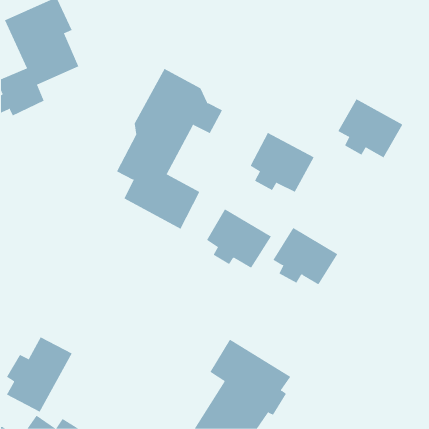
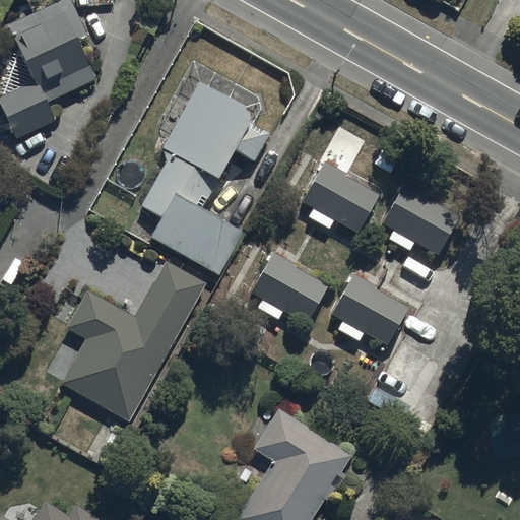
building: [338,98,403,158] -> [381,183,460,255]
building: none -> [61,261,206,422]
building: [6,337,73,412] -> none

